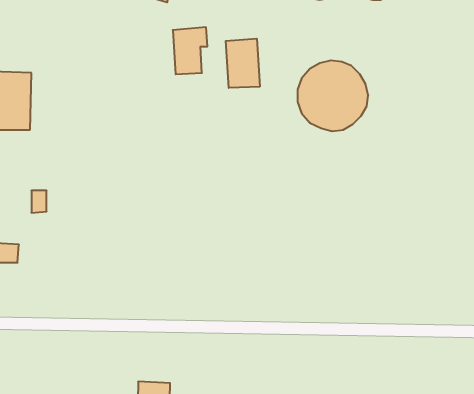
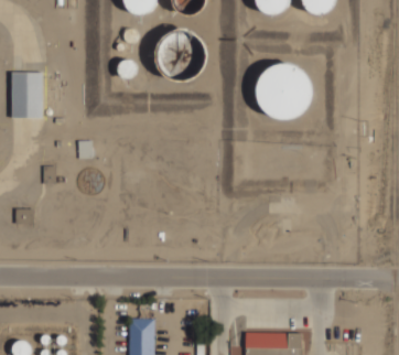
building: [226,39,260,88] -> none

